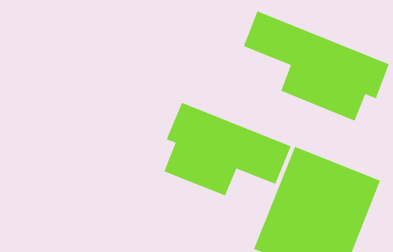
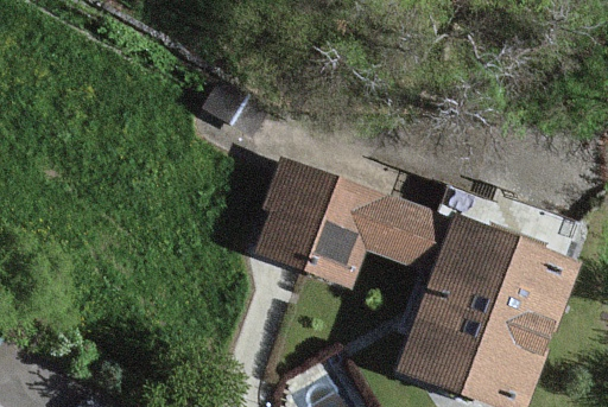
building: [243,11,390,121] -> none

